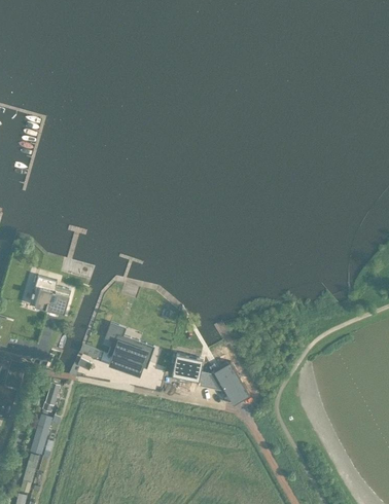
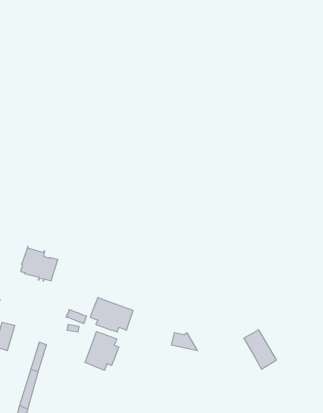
building: [172,354,198,383] -> none
building: [213,362,249,405] -> [244,330,276,369]
building: none -> [85,332,119,370]

